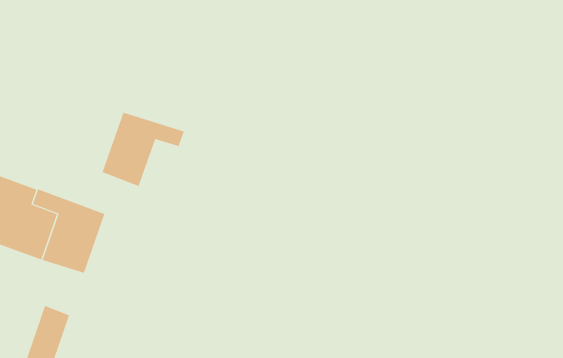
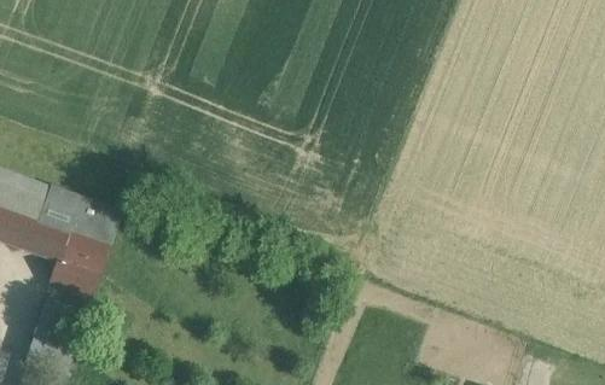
building: [102,112,185,187] -> none
building: none -> [48,259,99,298]

